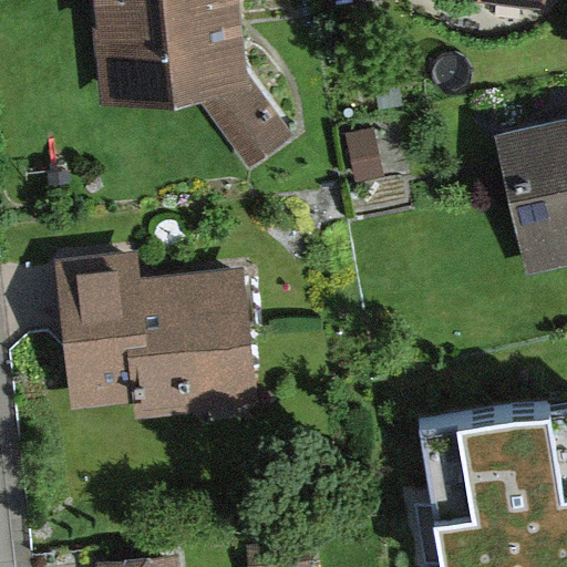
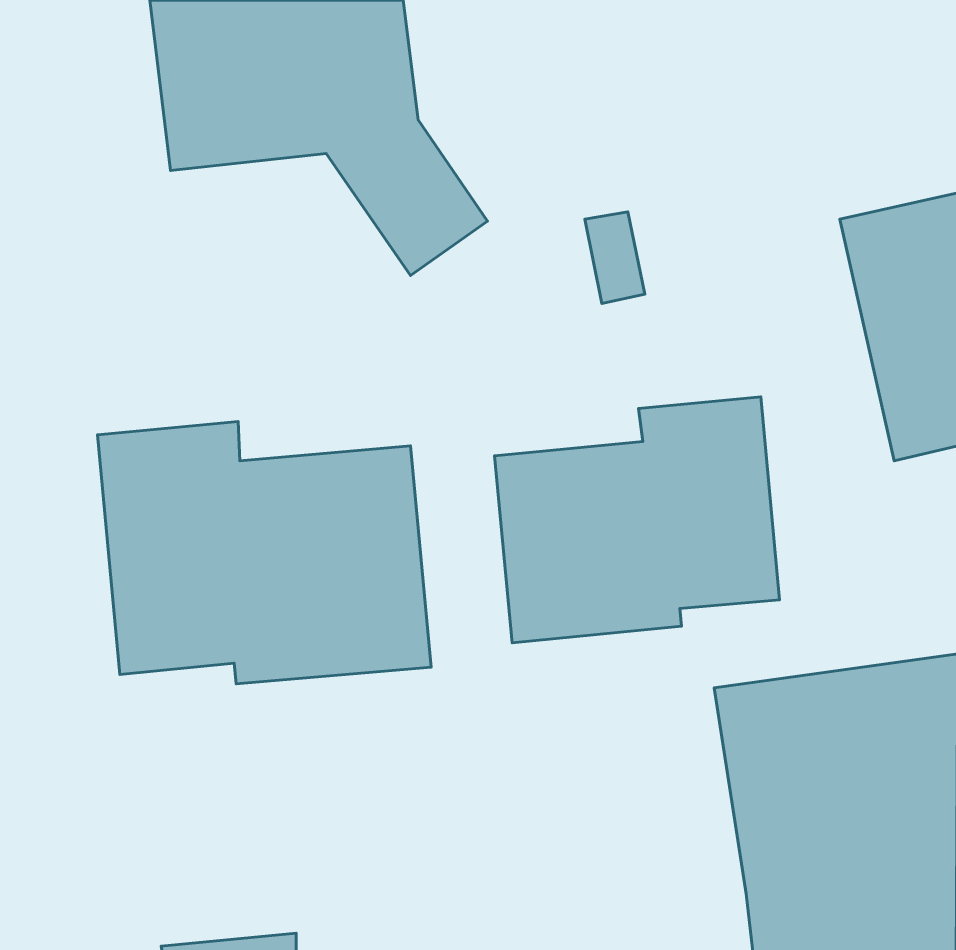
building: none -> [495,397,780,643]

